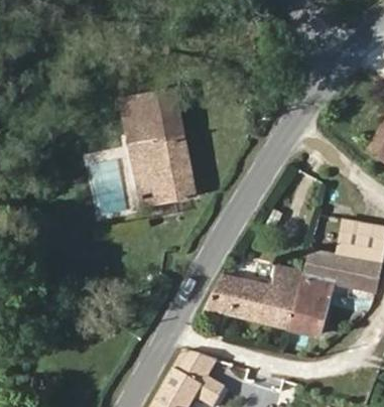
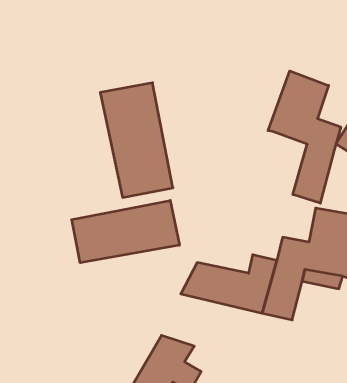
building: none -> [268,71,341,203]
building: none -> [72,200,179,263]

